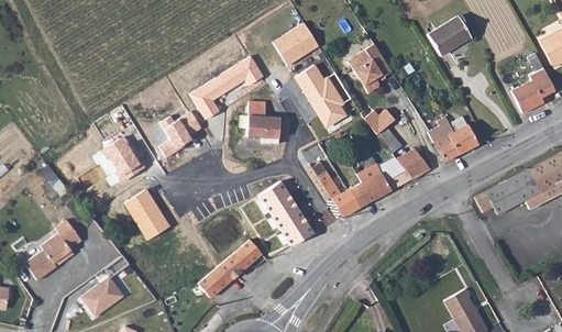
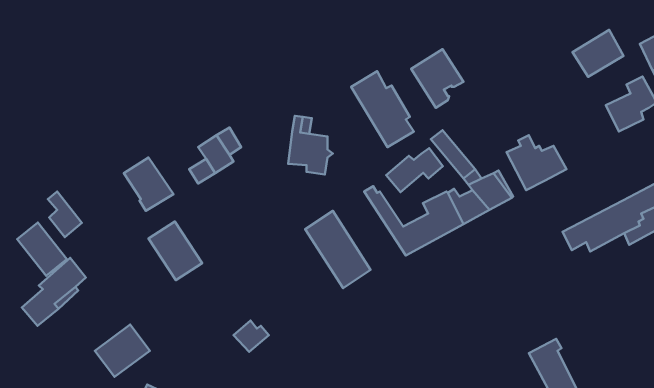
building: [429,16,472,56] -> [572,30,623,77]
building: [274,22,319,64] -> none
building: [190,56,265,118] -> none
building: none -> [386,148,443,192]
building: none -> [17,223,67,276]
building: [212,241,262,285] -> none

